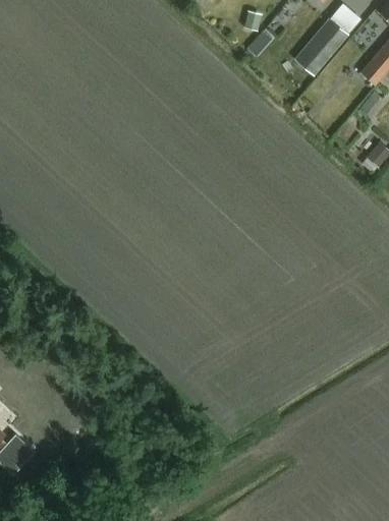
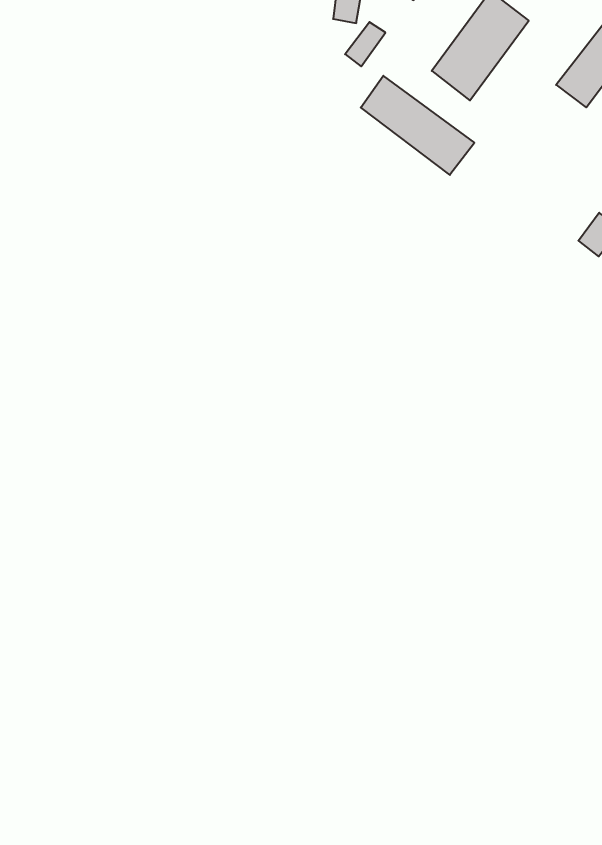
building: none -> [361,76,474,175]

